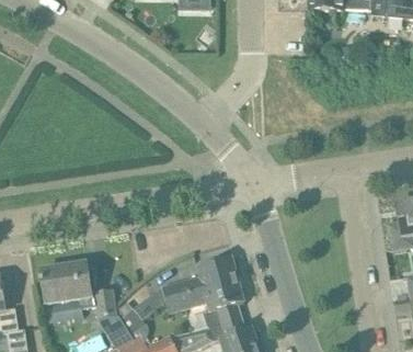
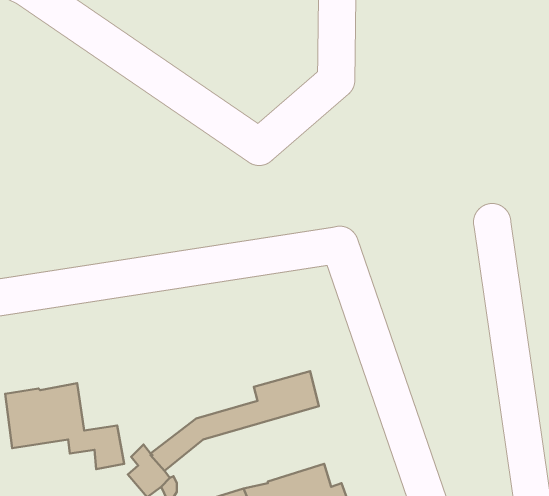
building: [165,277,243,325] -> none

